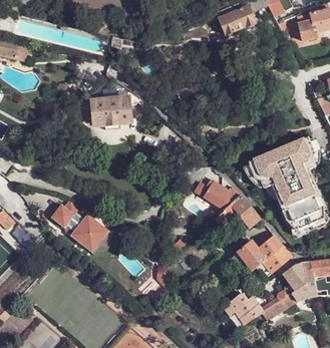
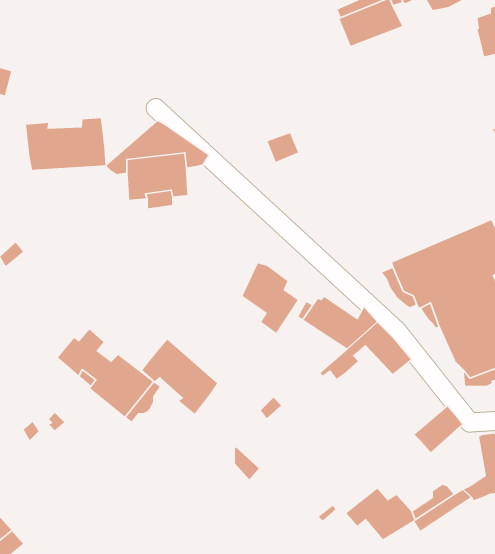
building: none -> [25,117,106,170]
building: none -> [241,262,299,334]
building: none -> [141,339,218,415]
building: [233,235,282,276] -> none
building: [283,263,304,292] -> none

